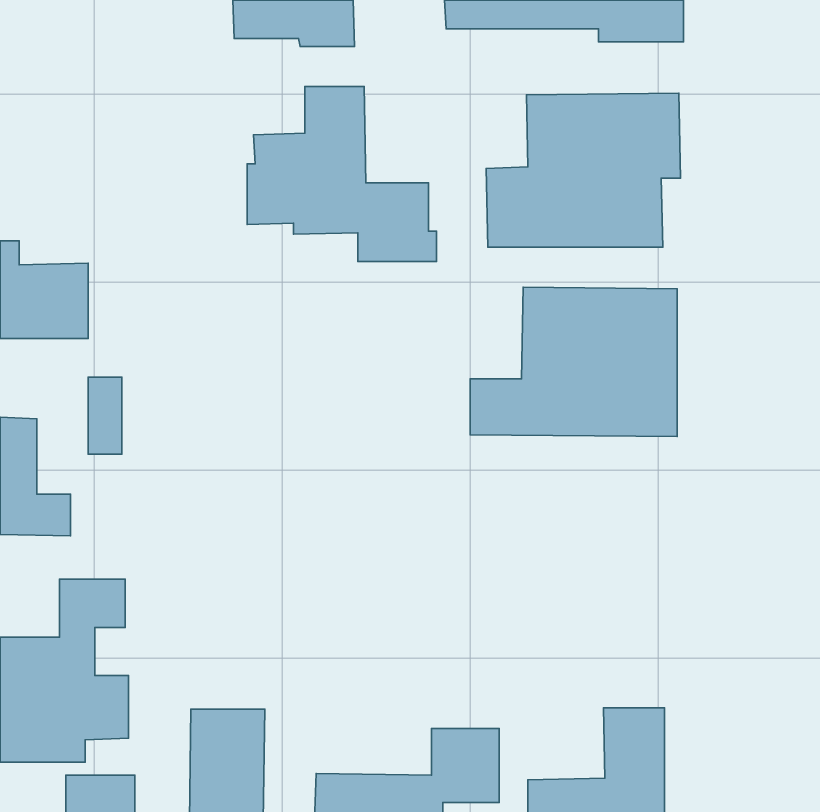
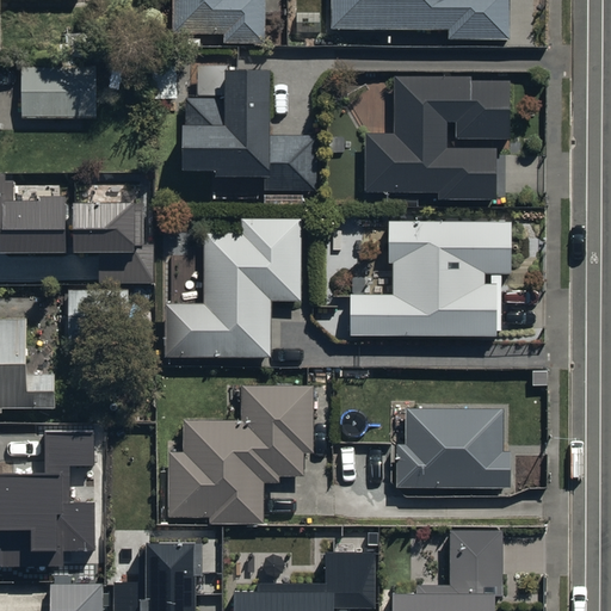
building: none -> [21,58,98,118]
building: none -> [74,209,153,289]
building: none -> [161,220,296,356]
building: none -> [167,387,311,523]
building: none -> [395,406,508,488]

